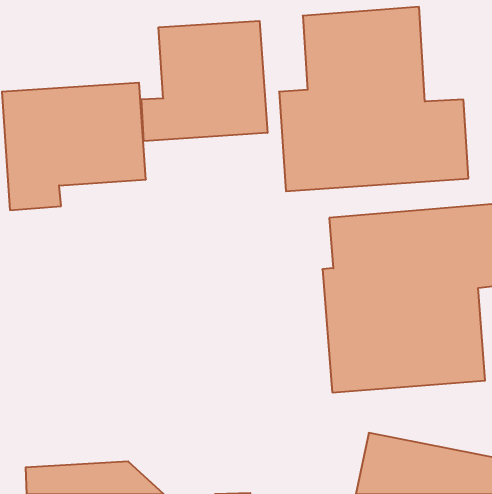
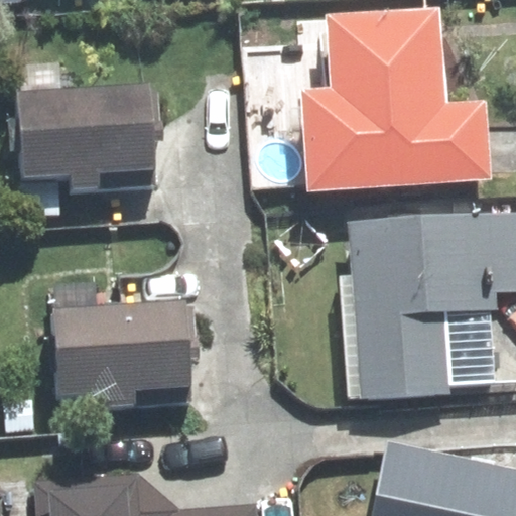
building: [141,21,267,141] -> none
building: none -> [49,301,199,410]

